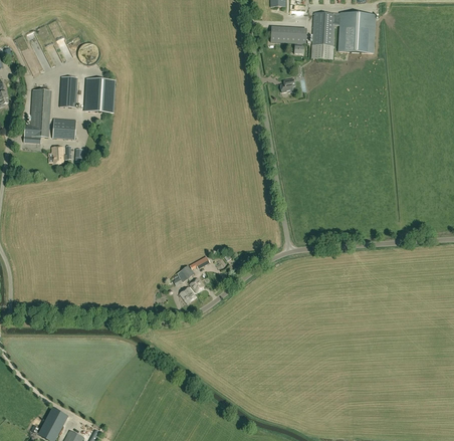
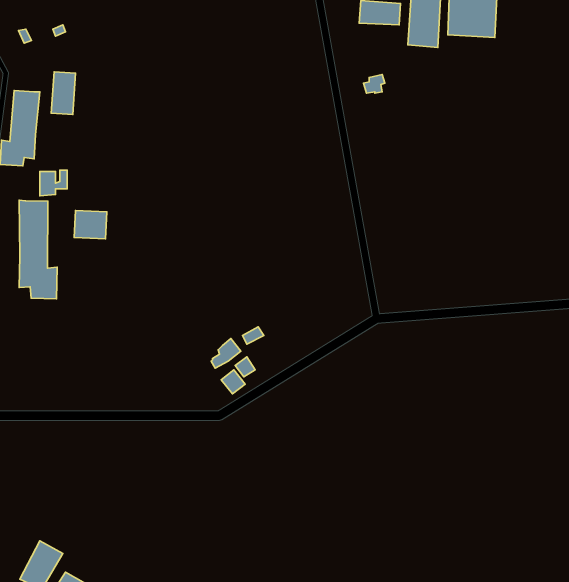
building: [85,78,115,113] -> none
building: [53,119,76,139] -> [74,210,107,239]
building: none -> [19,200,57,299]

